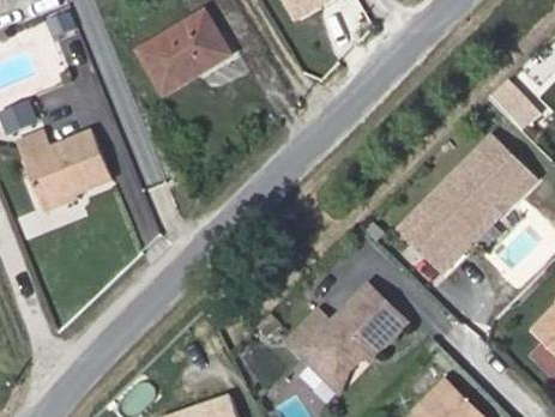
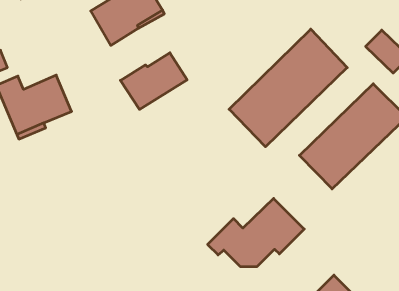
building: none -> [229,29,347,147]
building: none -> [120,53,187,109]

